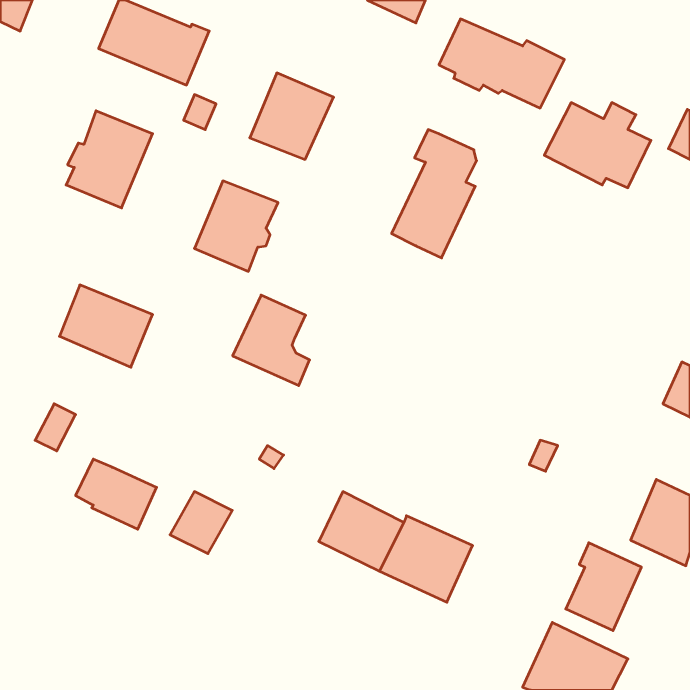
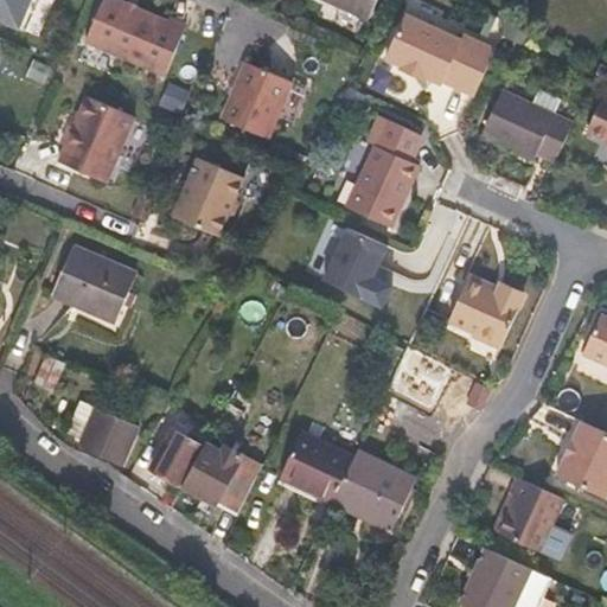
building: [233,295,310,386] -> [324,228,391,307]
building: none -> [446,274,526,345]
building: none -> [183,445,261,515]

